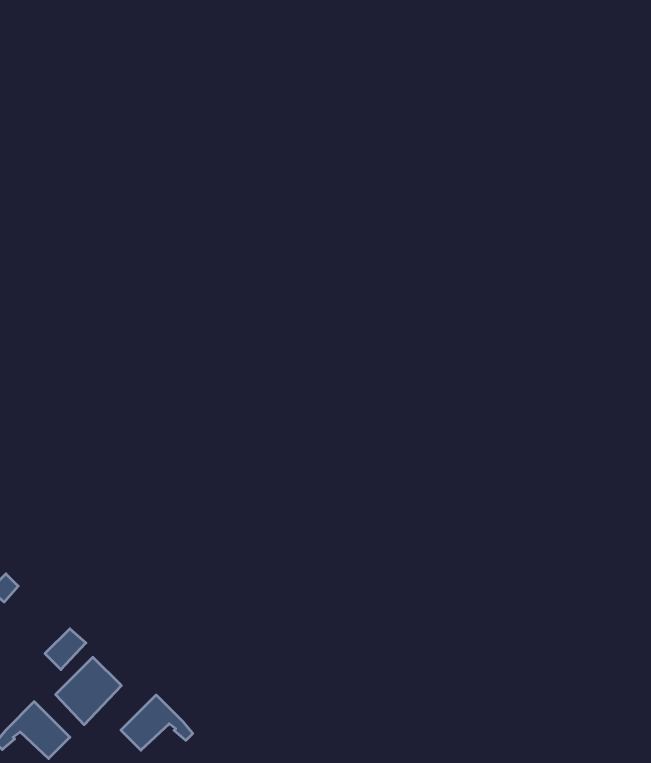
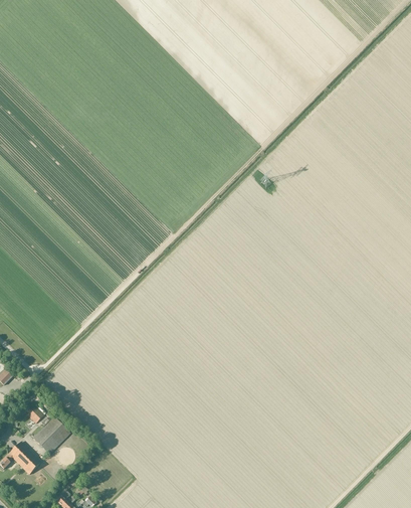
building: [121,695,193,750] -> none

